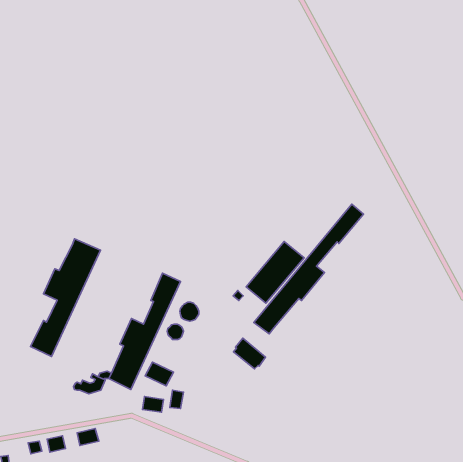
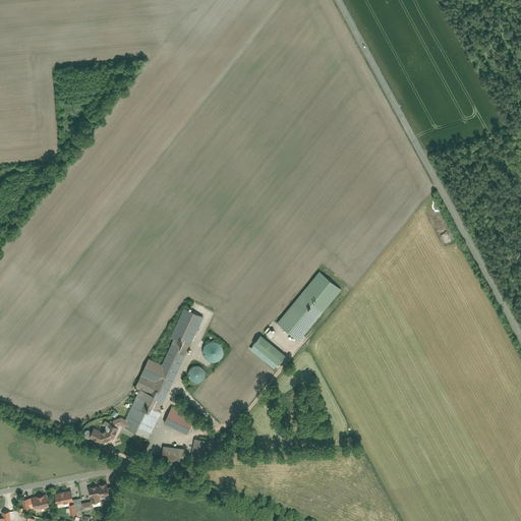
building: [254,204,364,334] -> none
building: [30,239,101,357] -> none
building: [234,338,265,369] -> [249,335,285,369]

